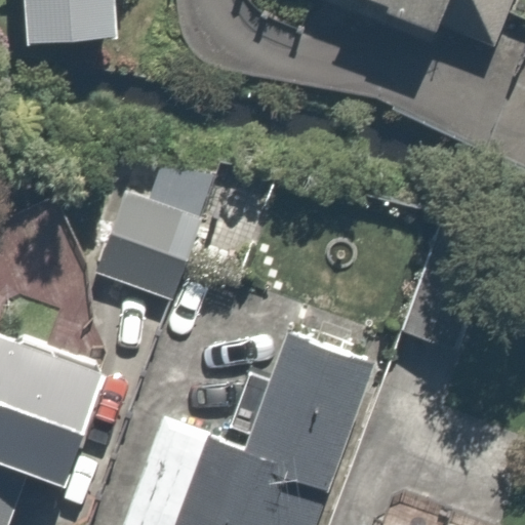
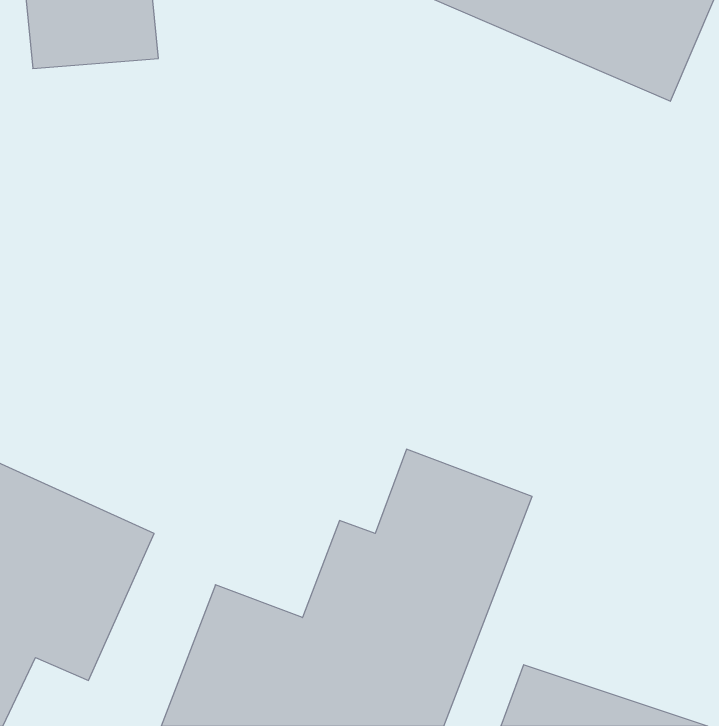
building: [89,160,220,294] -> none

